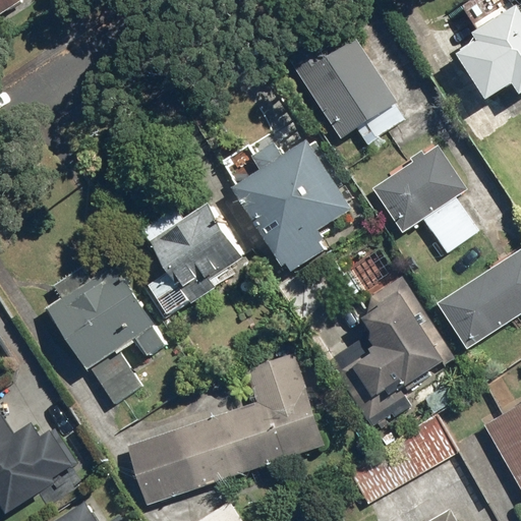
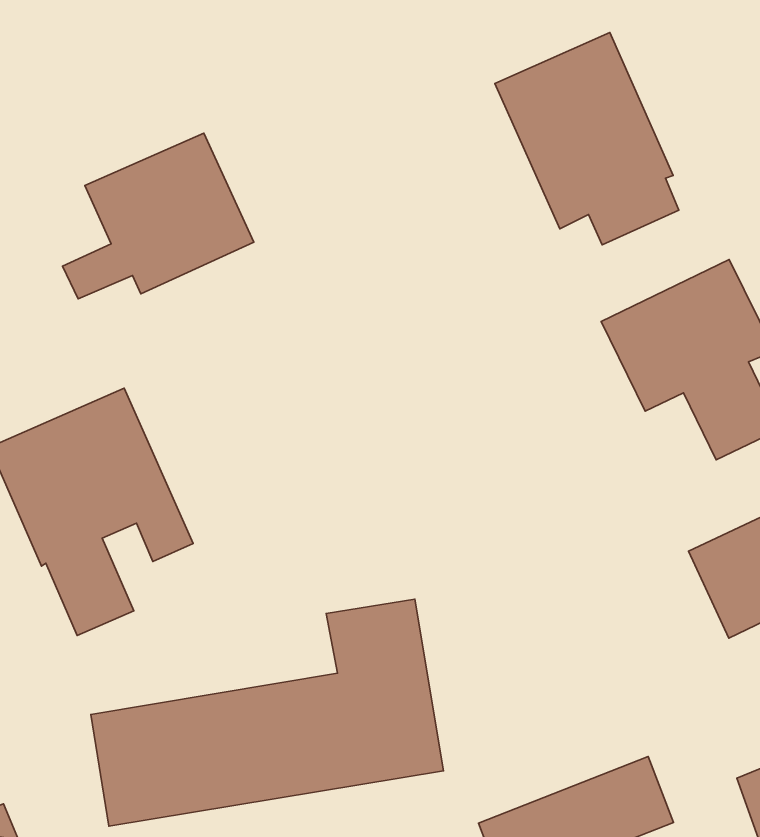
building: [231,139,351,273] -> none
building: [143,202,245,303] -> [63,133,254,299]
building: [330,276,453,426] -> none

